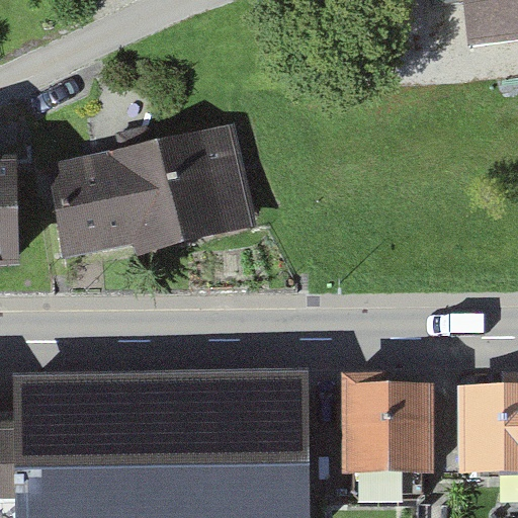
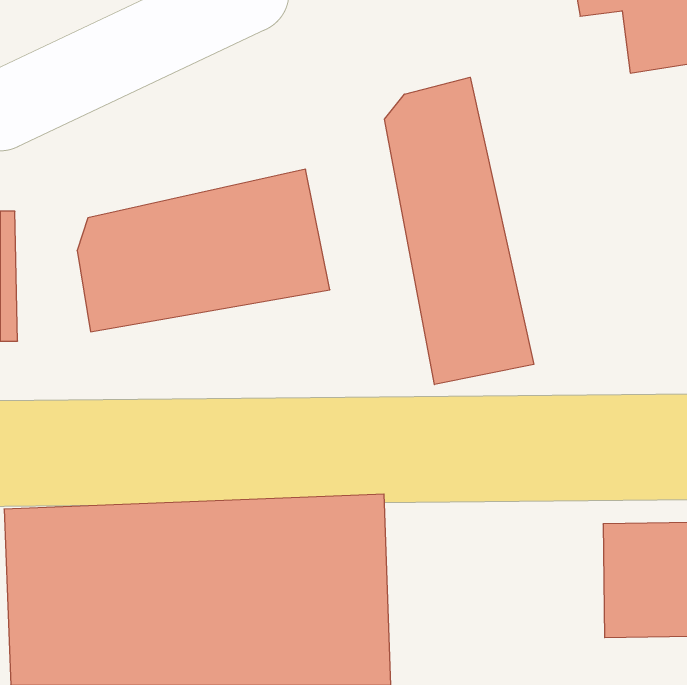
building: none -> [385,77,534,385]
building: [333,390,418,477] -> none

